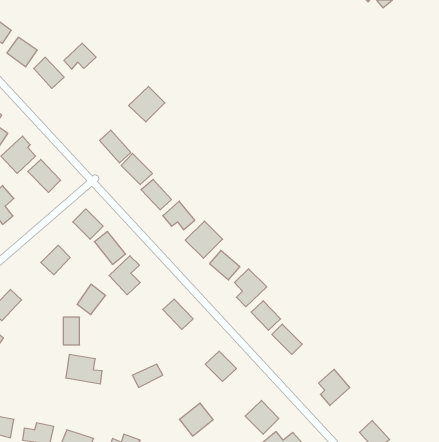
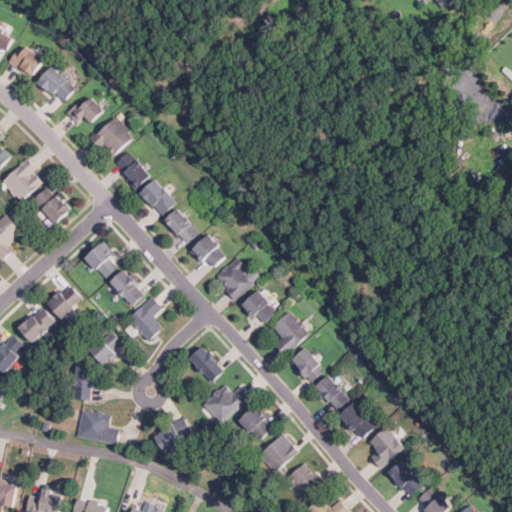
building: [64,43,96,69] -> [66,94,103,124]
building: [129,86,165,122] -> [90,117,132,158]
building: none -> [18,307,54,342]
building: none -> [201,384,250,424]
building: none -> [338,402,374,439]
building: none -> [387,461,422,496]
building: [179,403,213,436] -> [258,434,297,472]

